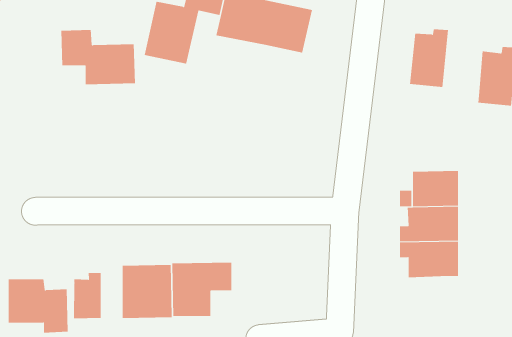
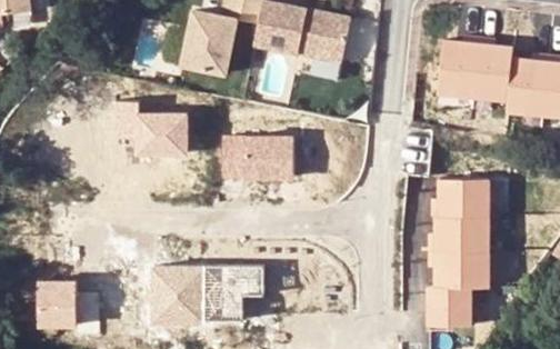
building: [61,29,136,85] -> [110,102,186,158]
building: none -> [474,36,514,98]
building: none -> [218,139,291,180]
building: [74,272,101,319] -> none
building: none -> [430,283,472,328]

